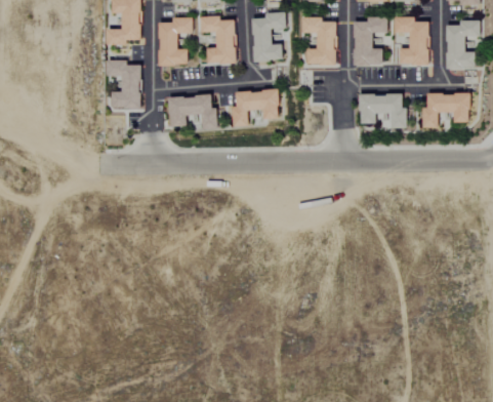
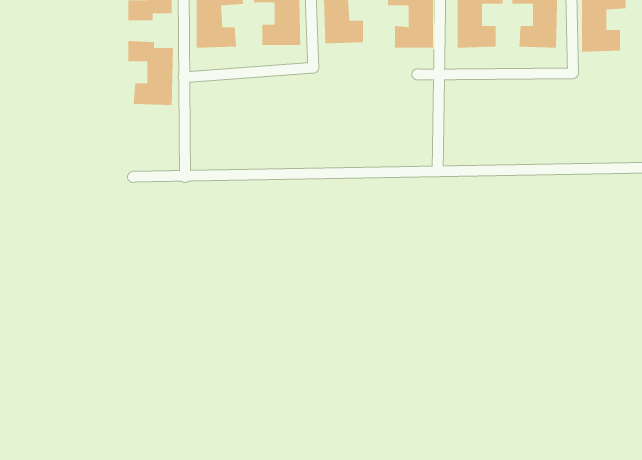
building: [232,88,280,125] -> none
building: [422,91,470,127] -> none
building: [359,92,407,127] -> none
building: [168,93,217,128] -> none

